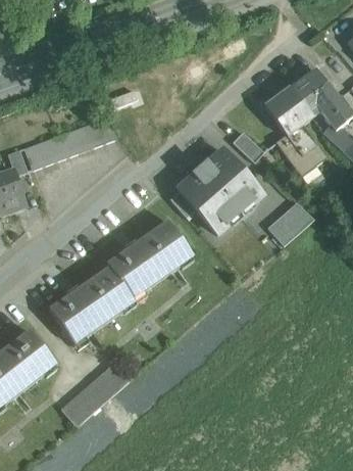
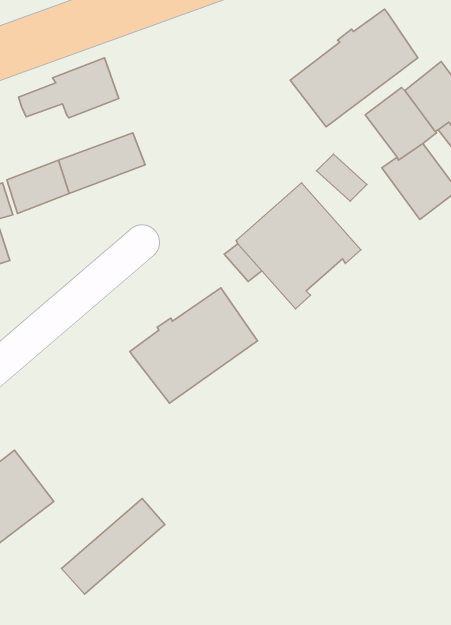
building: none -> [290,9,418,127]
building: none -> [19,58,119,118]
building: [267,201,314,245] -> none
building: [49,266,136,343] -> none

